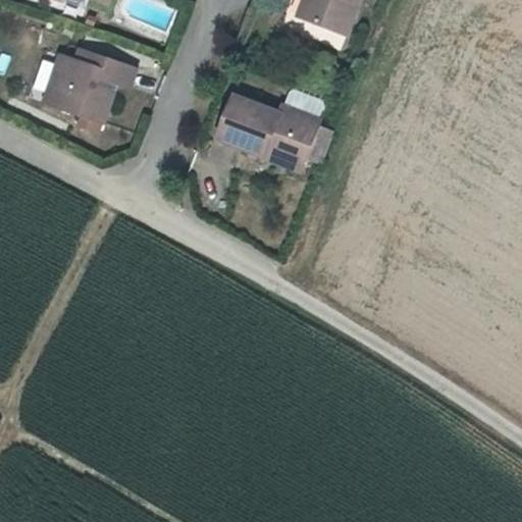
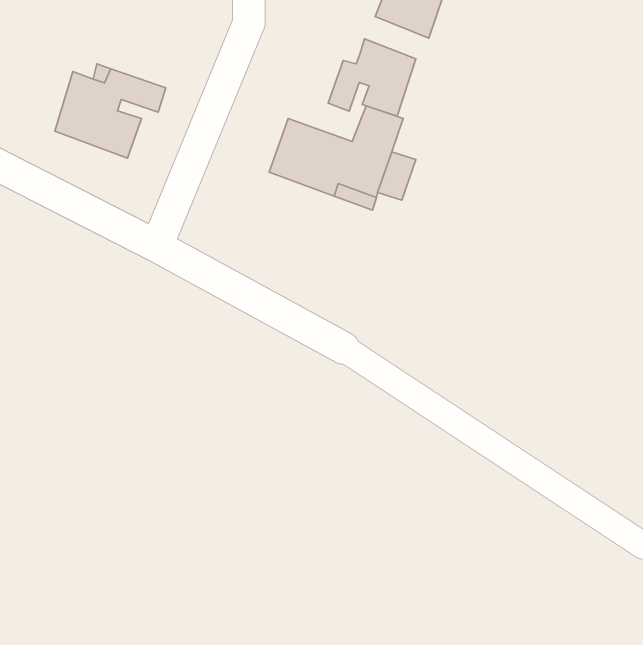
building: none -> [328,39,416,116]

